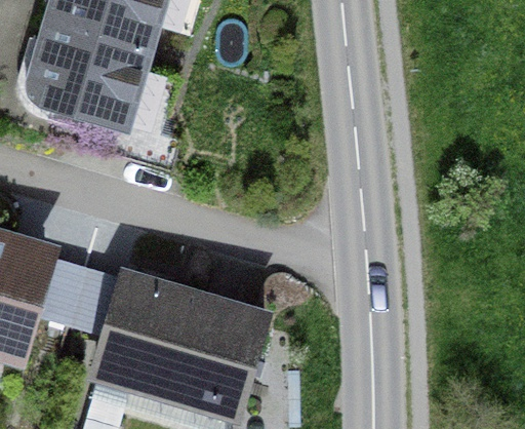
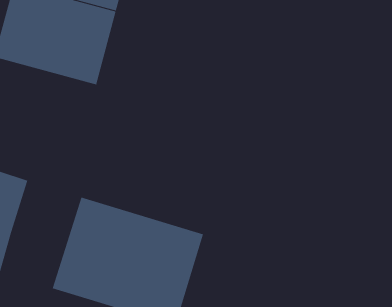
building: [37,252,120,335] -> none

